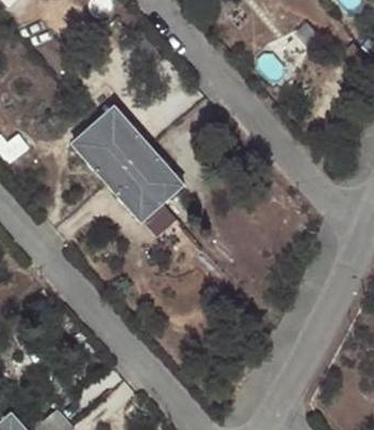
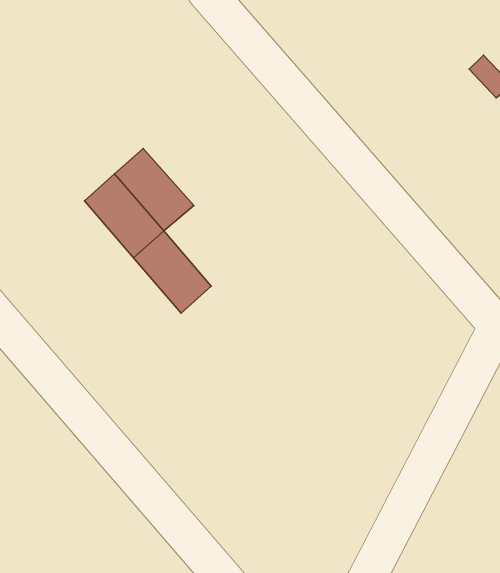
building: [130,145,183,200] -> none

